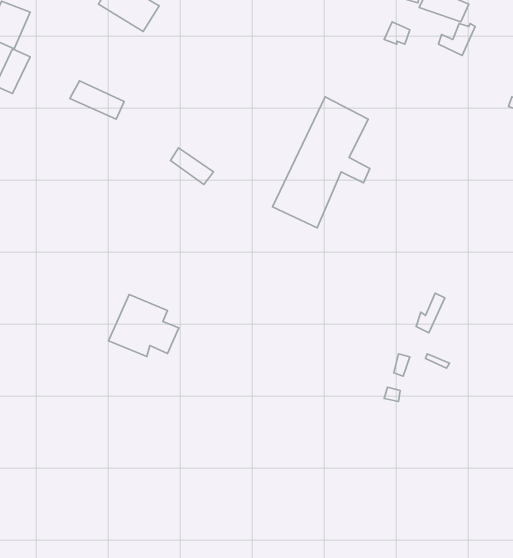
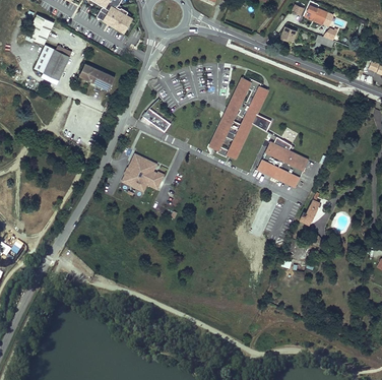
building: none -> [43,50,69,80]
building: none -> [256,136,309,188]
building: [109,294,179,357] -> [119,153,164,193]

